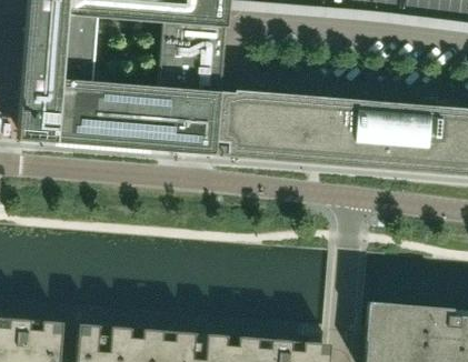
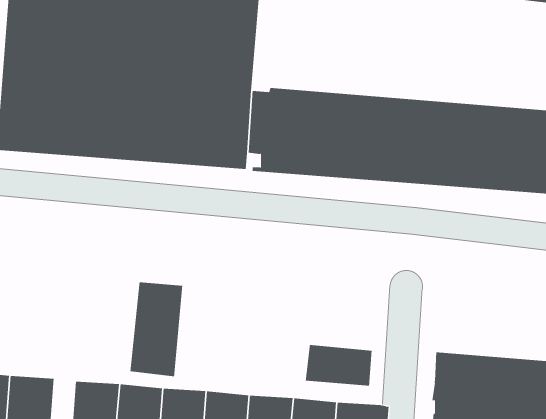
building: none -> [130,282,183,377]
building: none -> [305,344,372,387]

